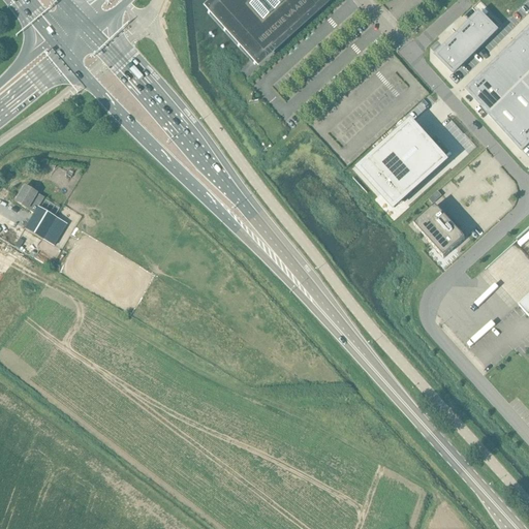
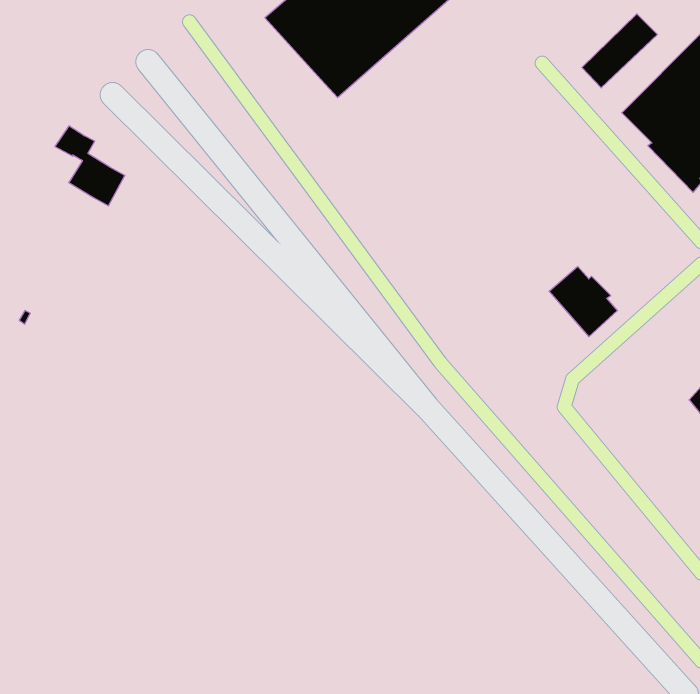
building: [363,119,447,201] -> none
building: [14,182,67,242] -> [55,126,125,206]

